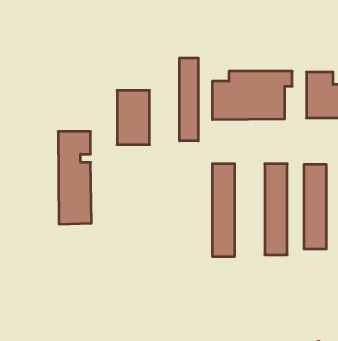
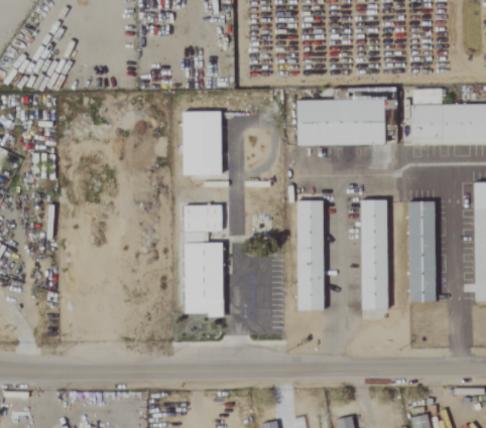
building: [180,58,198,141] -> none
building: [58,132,91,224] -> [184,204,224,316]

